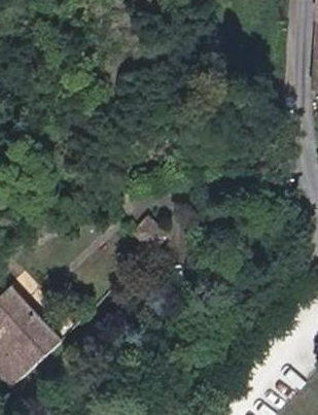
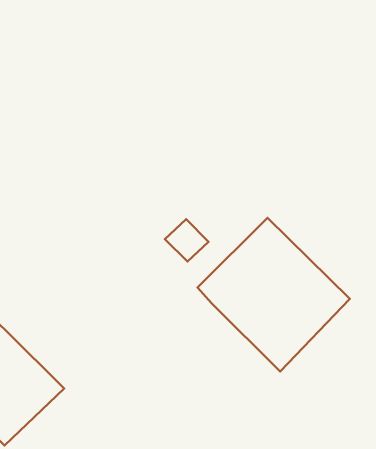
building: none -> [198,218,350,372]

